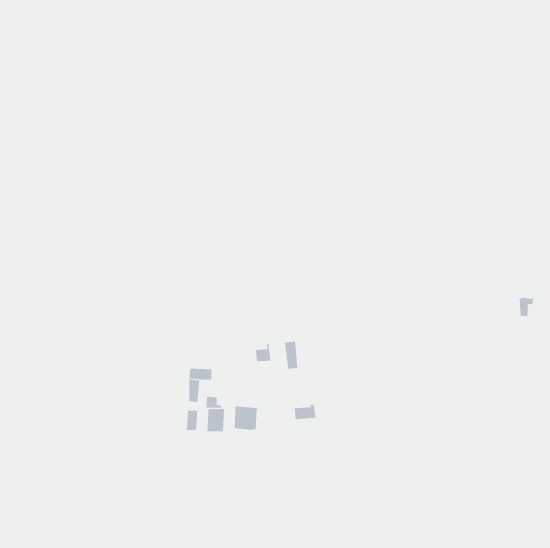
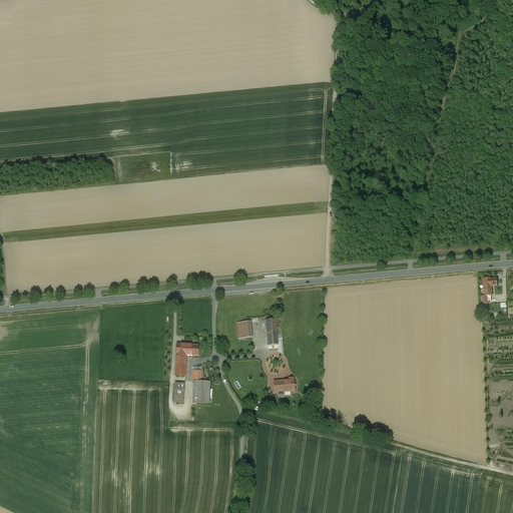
building: [234,406,257,430] -> none

